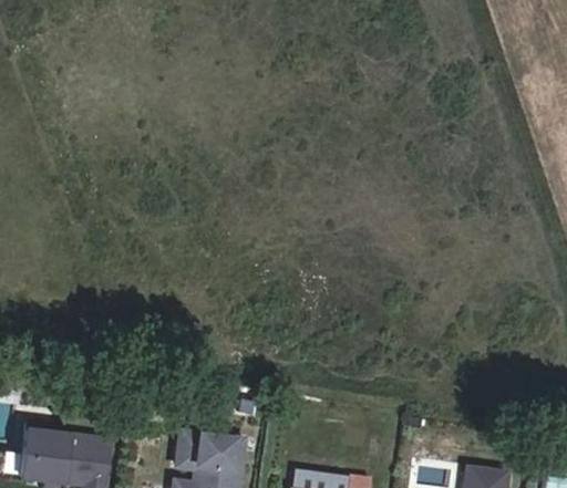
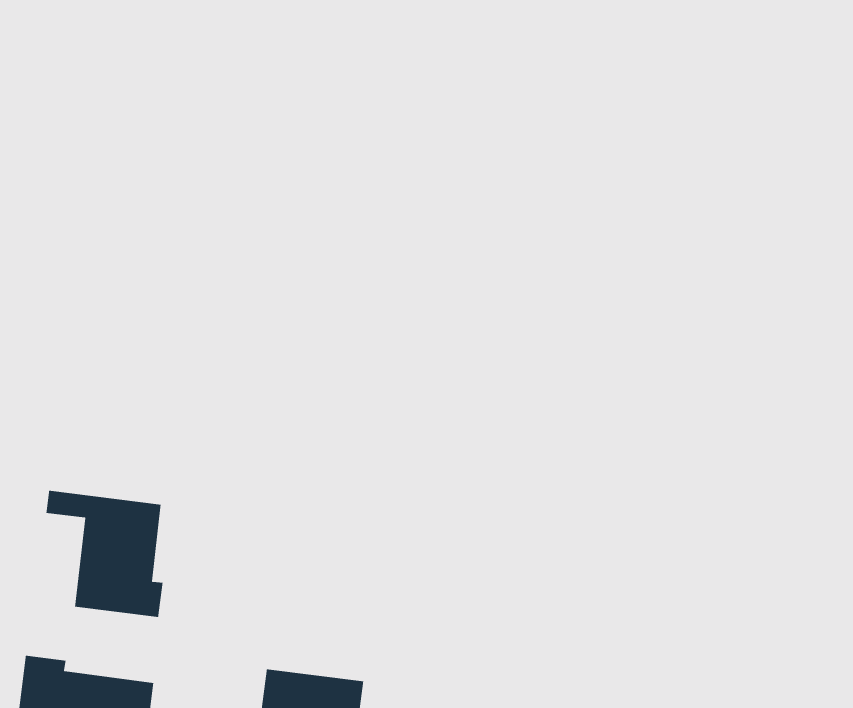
building: none -> [46,490,163,618]

